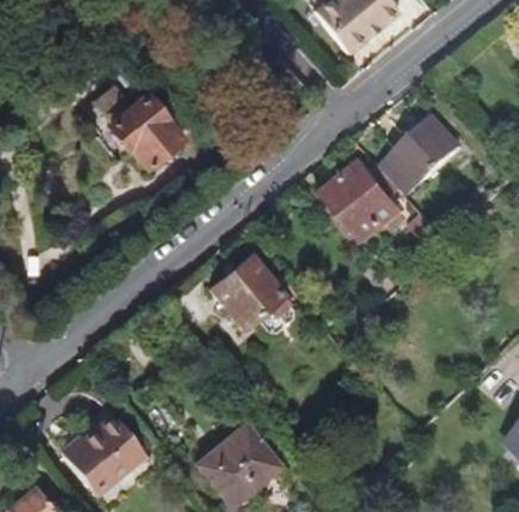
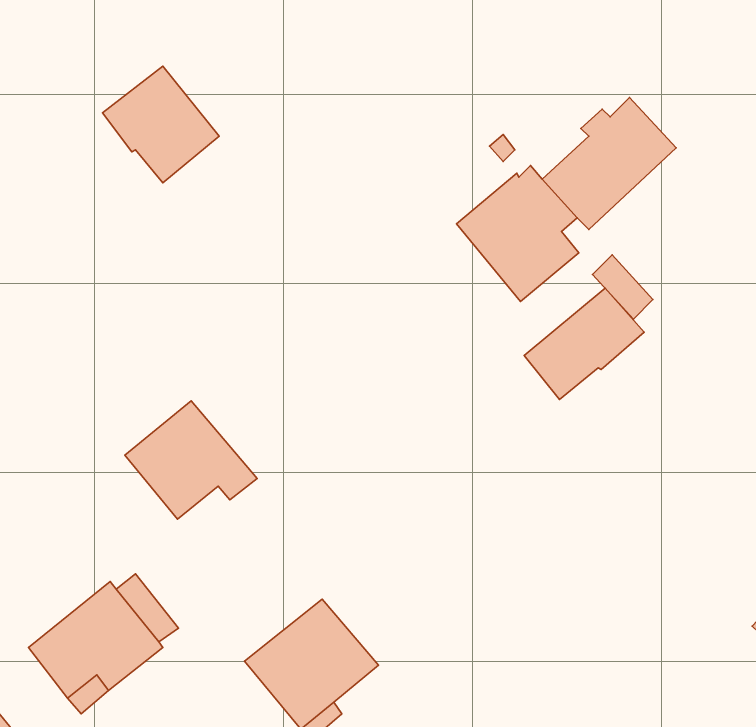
building: none -> [524,288,644,400]
building: [209,255,291,328] -> [125,401,257,519]

